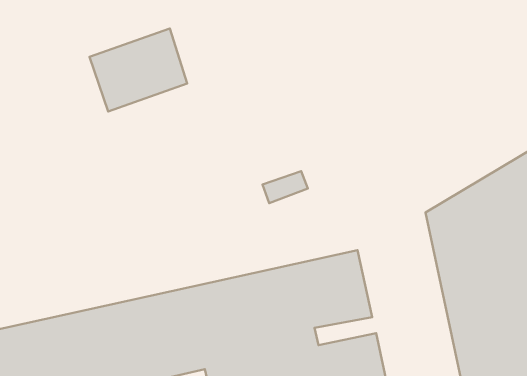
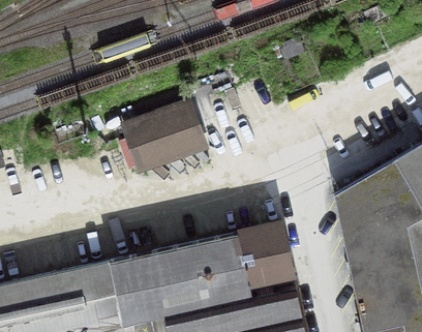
building: [90,29,187,112] -> [126,104,202,169]

